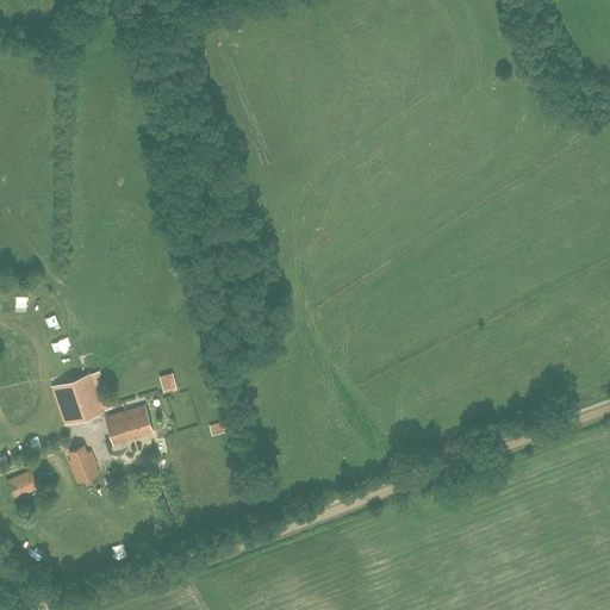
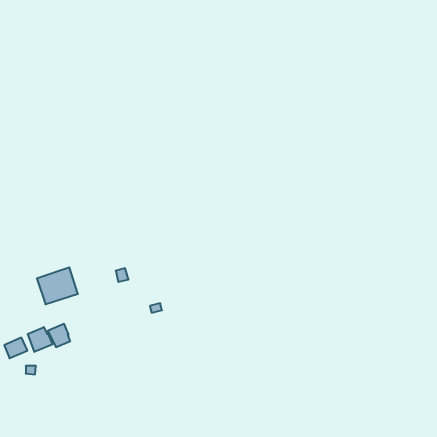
building: [104,406,151,446] -> none
building: none -> [28,327,52,352]

